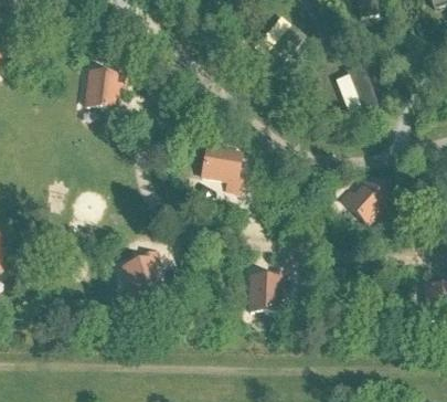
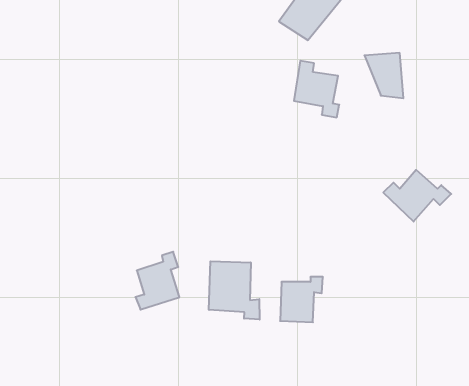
building: [87,66,127,106] -> none
building: [203,137,243,187] -> [294,61,339,117]
building: none -> [209,261,260,320]

